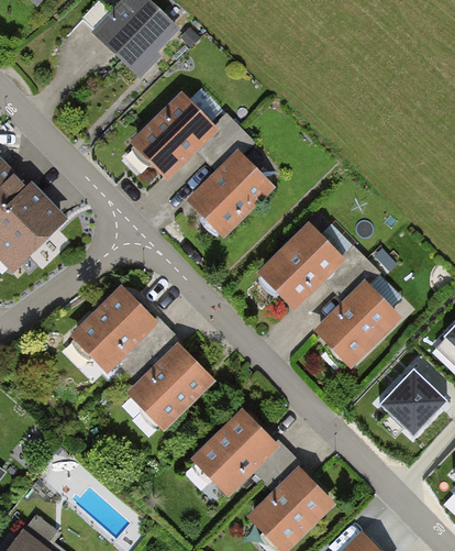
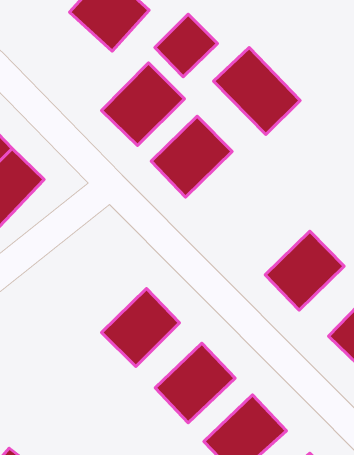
building: none -> [155,14,218,77]
building: none -> [214,48,300,135]
building: [255,221,346,312] -> none
building: [67,284,156,373] -> none

